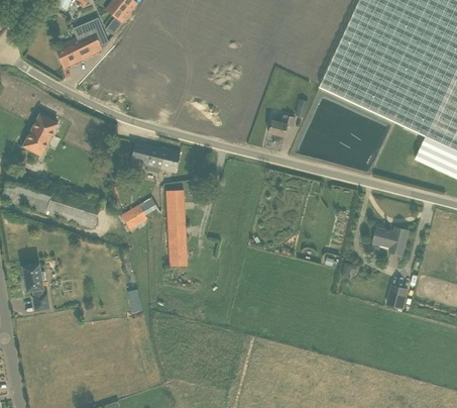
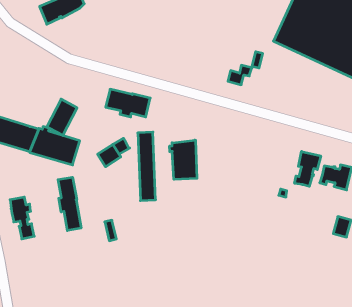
building: [23,114,58,156] -> [47,99,77,136]
building: none -> [170,140,197,179]
building: none -> [295,151,321,186]
building: none -> [58,177,81,231]

